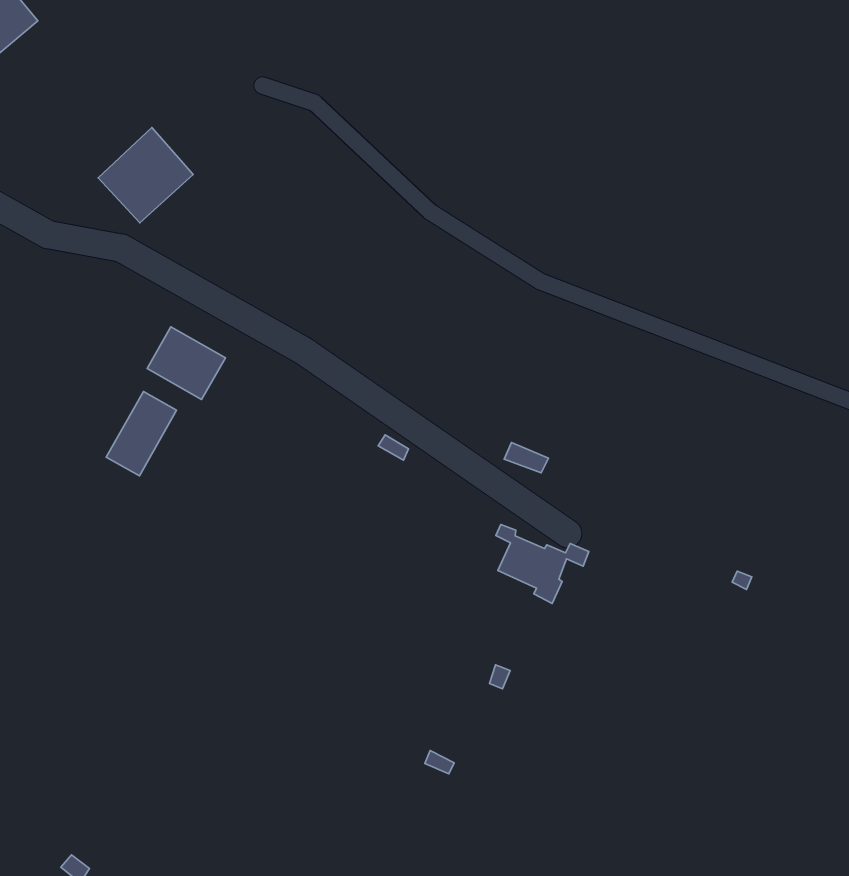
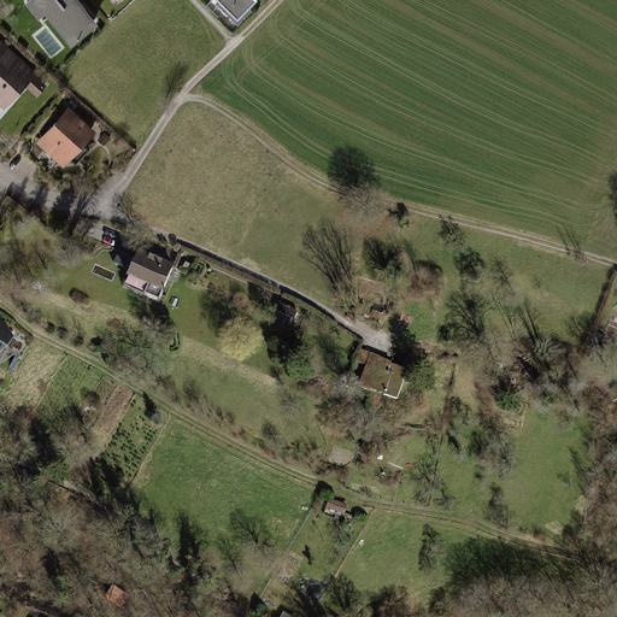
building: [98,127,193,223] -> [35,101,94,161]
building: [106,392,177,476] -> none

